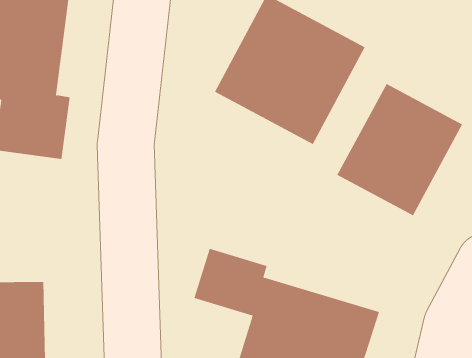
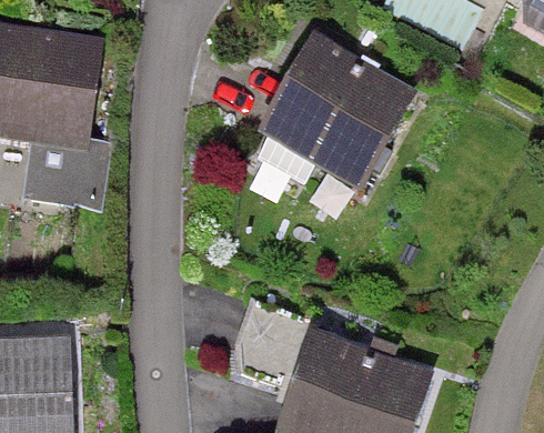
building: [337,83,463,216] -> none

